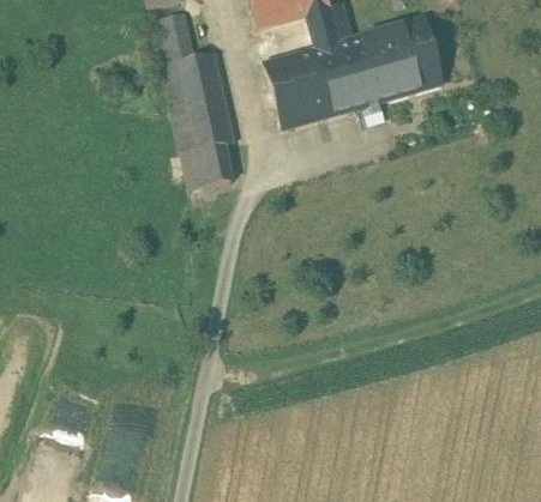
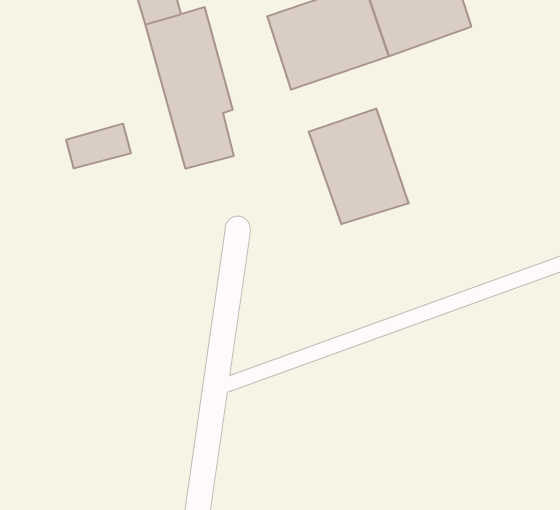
building: none -> [309,108,409,224]
building: none -> [66,124,131,168]

